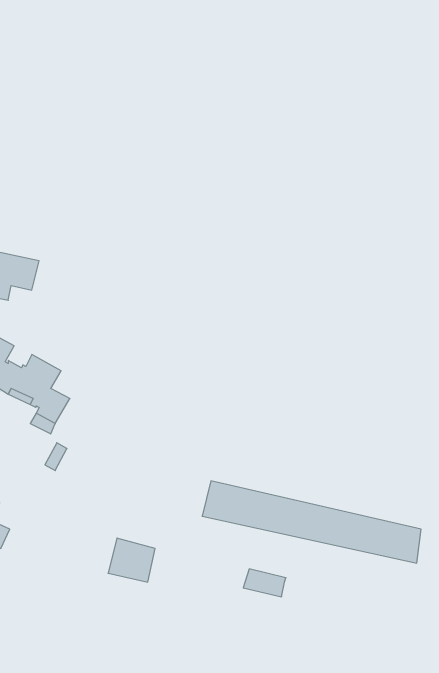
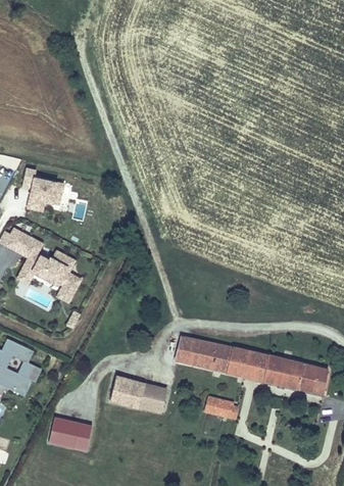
building: none -> [137,383,164,411]
building: none -> [48,418,91,450]

